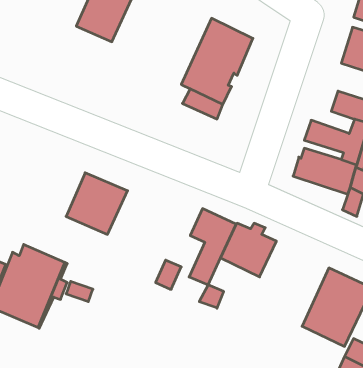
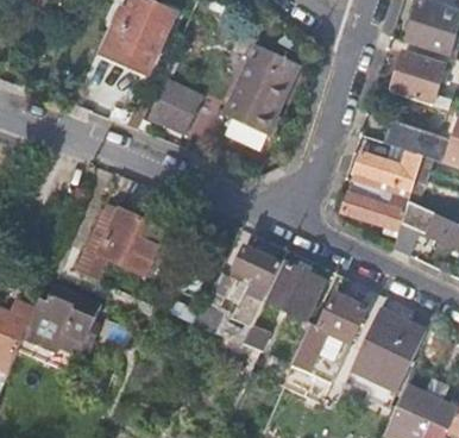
building: none -> [146,80,196,132]
building: none -> [285,292,365,392]

